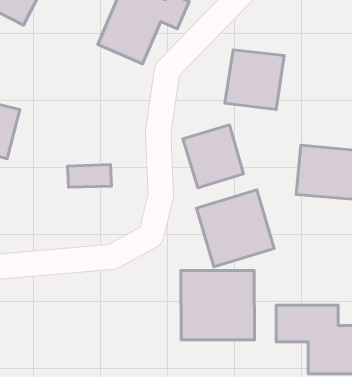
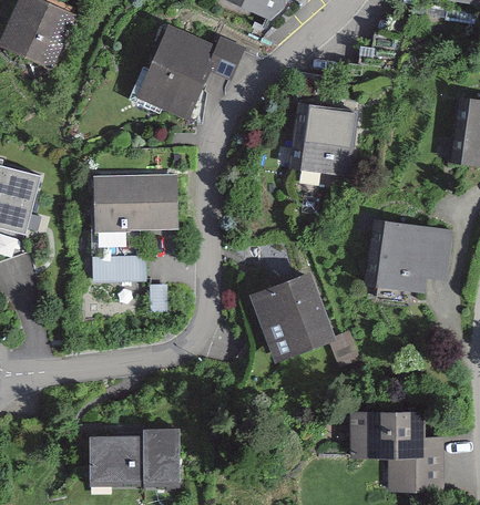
building: none -> [92,174,177,231]
building: [183,125,244,188] -> none
building: [181,271,255,340] -> none
building: none -> [86,429,181,484]

